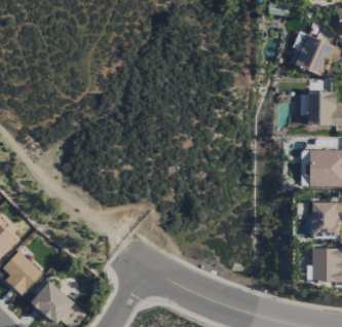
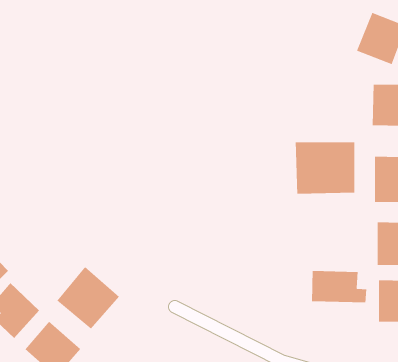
building: none -> [295,142,355,194]
building: none -> [57,266,120,330]
building: none -> [311,270,367,303]

